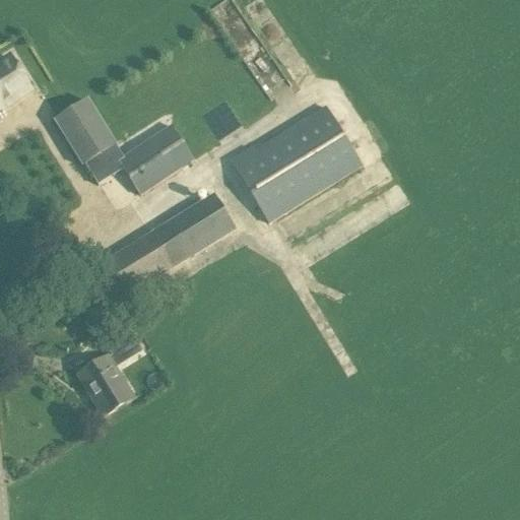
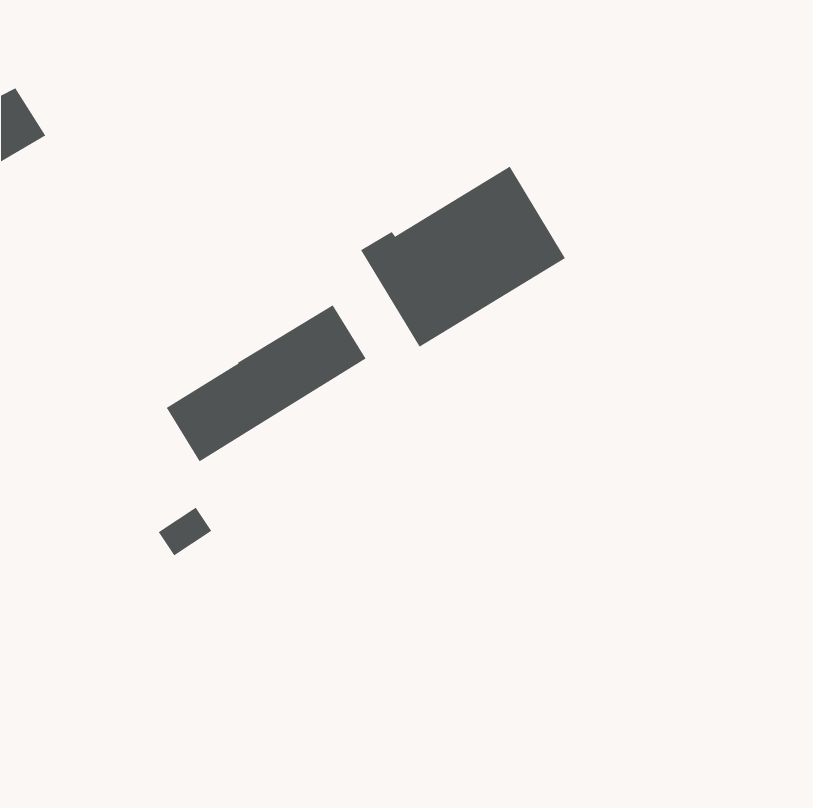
building: [55,99,194,193] -> none
building: [79,356,134,415] -> none

